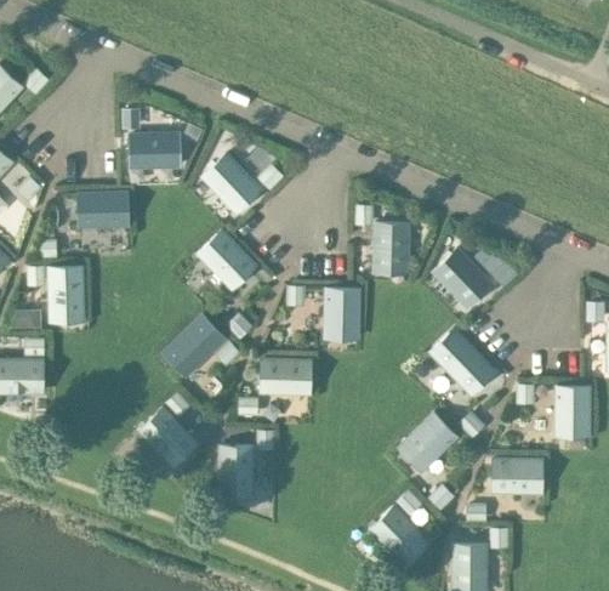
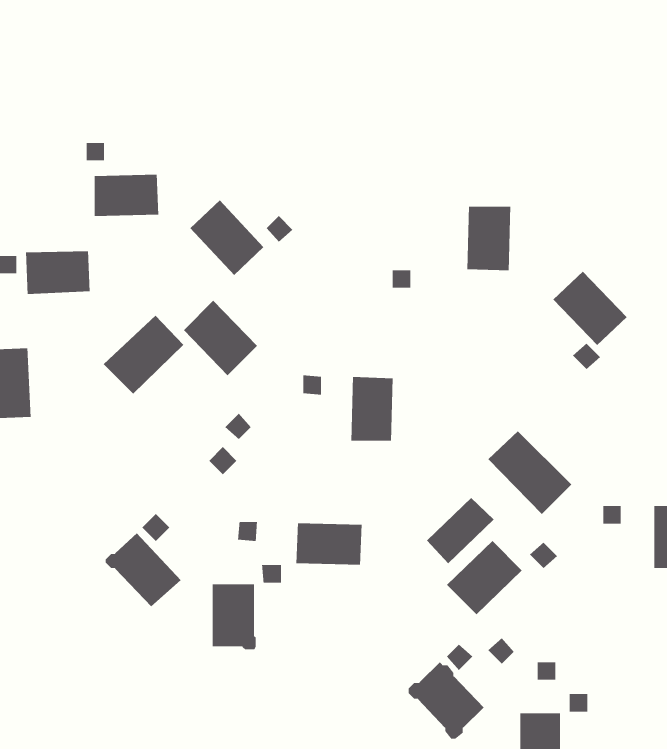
building: [375,223,409,273] -> [466,206,511,271]
building: [434,250,491,307] -> [552,271,627,346]
building: [164,316,226,376] -> [103,315,184,394]
building: [261,360,312,393] -> [296,522,363,566]
building: none -> [426,497,494,564]
building: [494,460,542,493] -> none

